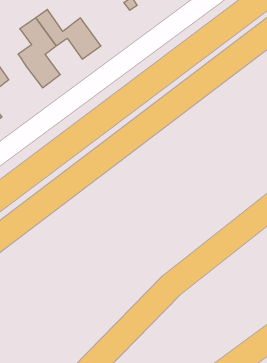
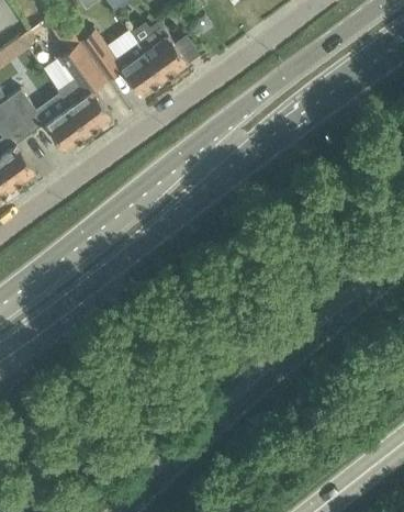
building: none -> [137,27,187,80]
building: none -> [44,108,88,152]

